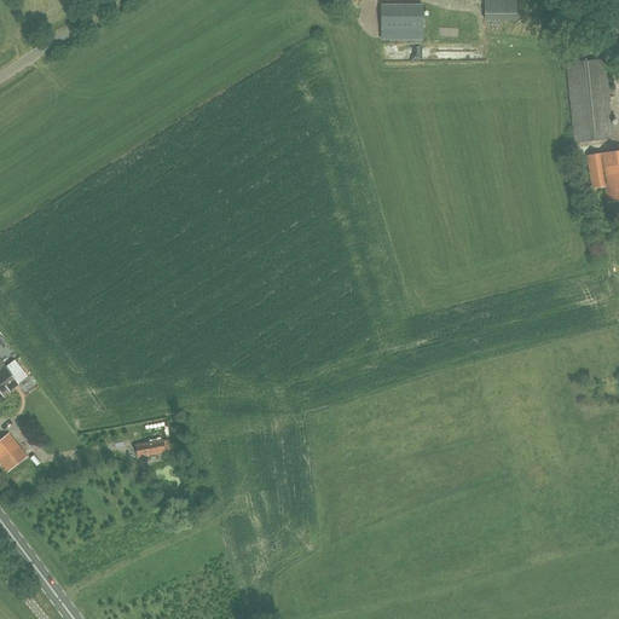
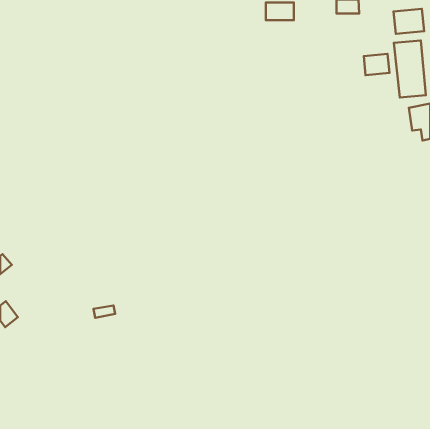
building: none -> [394,9,424,34]
building: none -> [364,54,389,75]

